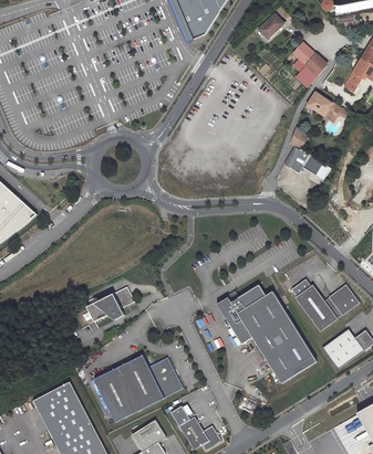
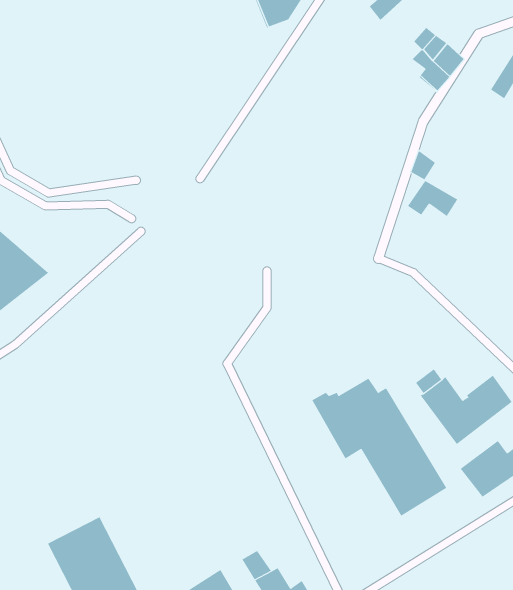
building: [303,92,343,122] -> none
building: [86,286,133,320] -> none
building: [95,355,185,421] -> none

